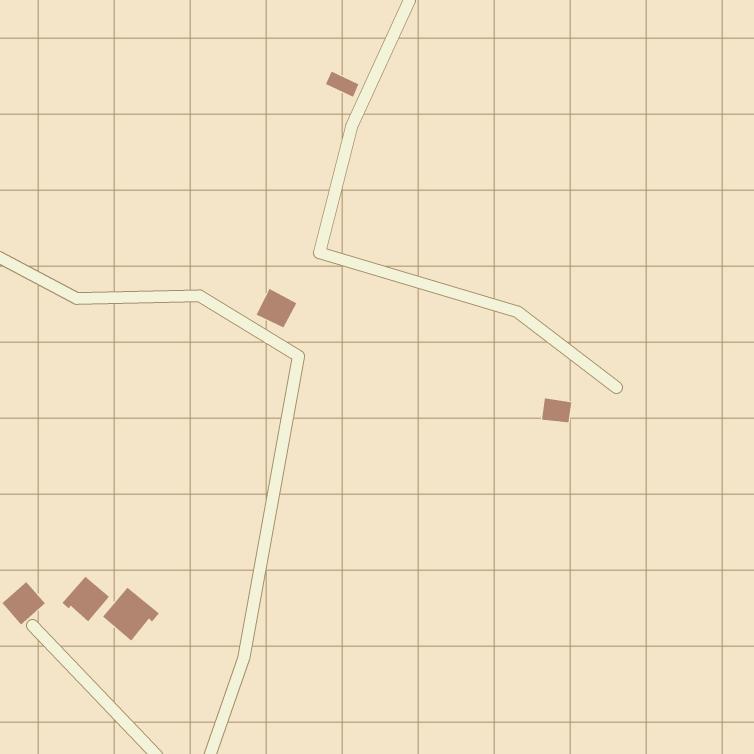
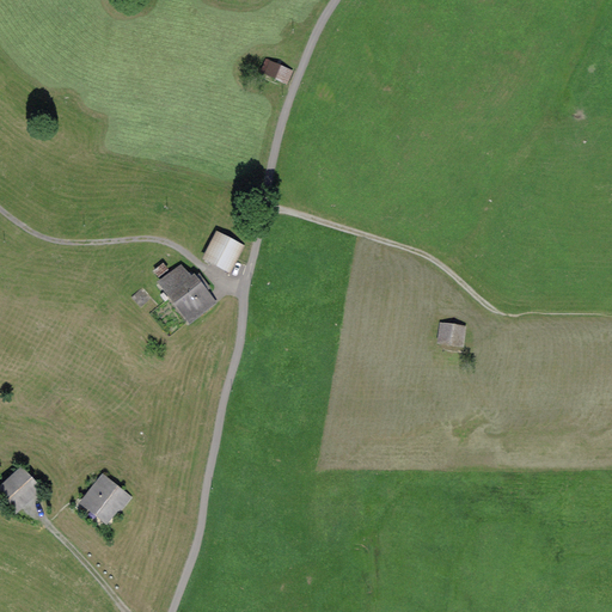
building: none -> [161,265,215,320]
building: [61,576,110,622] -> none

